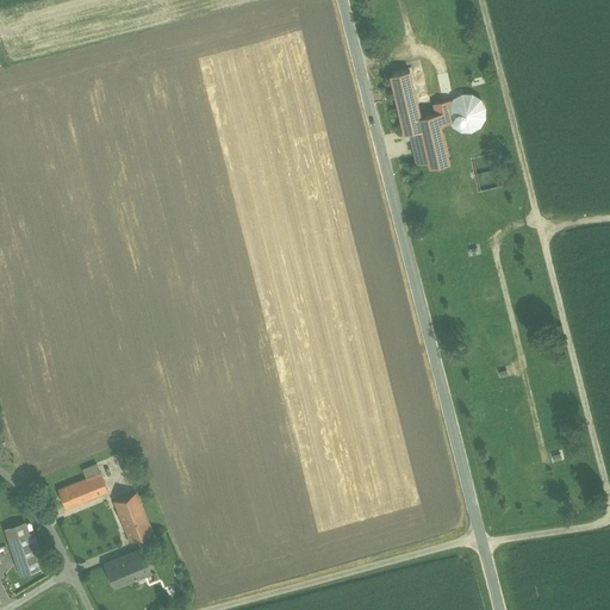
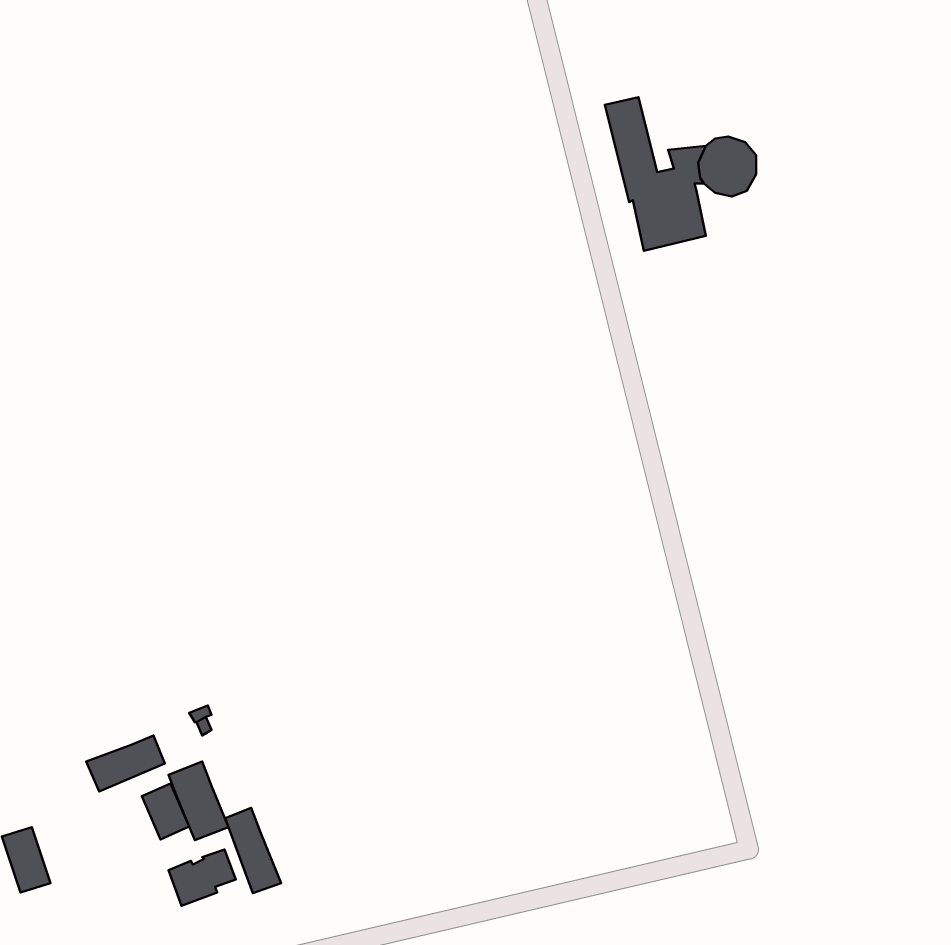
building: none -> [142,783,189,839]
building: none -> [225,808,281,893]

